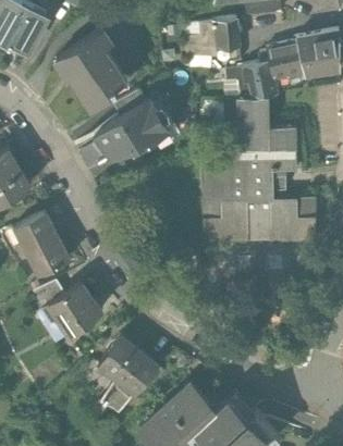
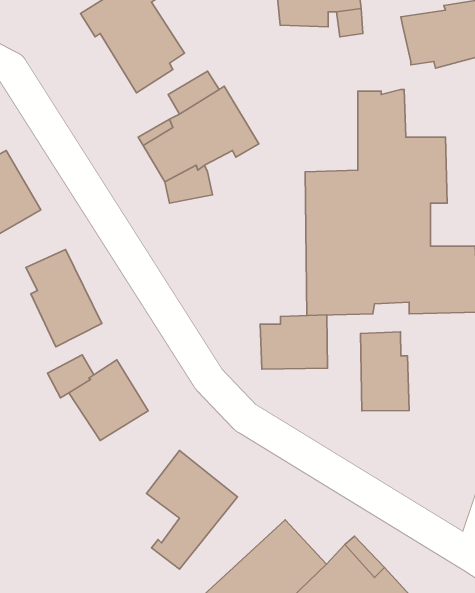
building: [225,59,272,104] -> none
building: none -> [260,315,327,369]
building: none -> [361,332,409,411]

